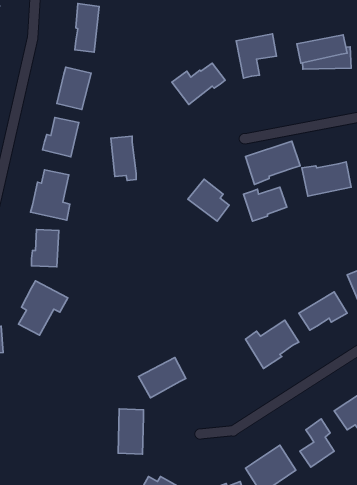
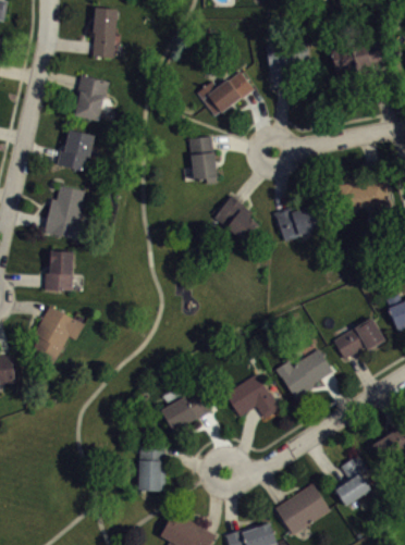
building: [111,136,136,180] -> [189,137,217,185]
building: [245,141,300,184] -> none
building: none -> [224,372,280,419]

